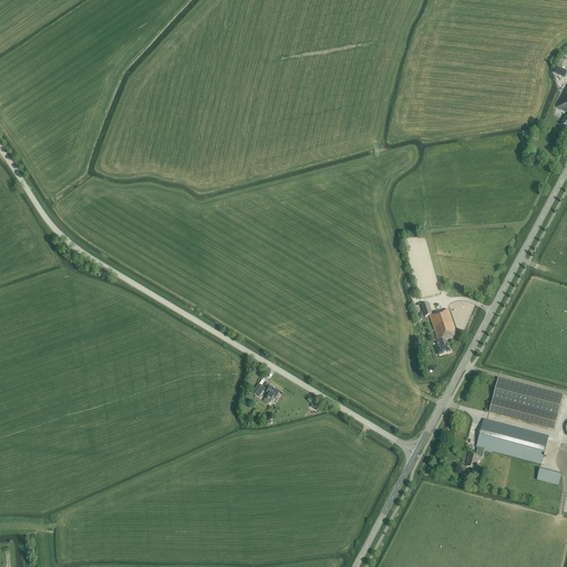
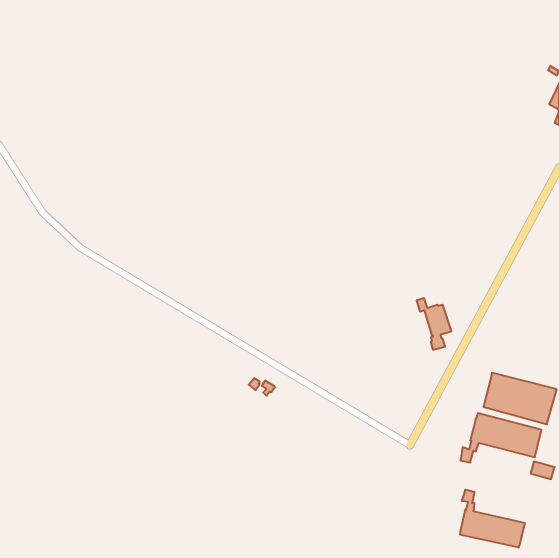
building: none -> [460,490,525,548]

